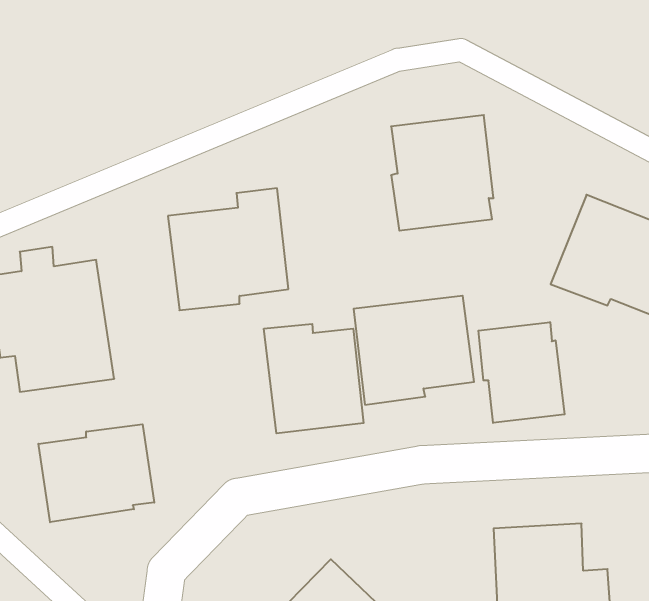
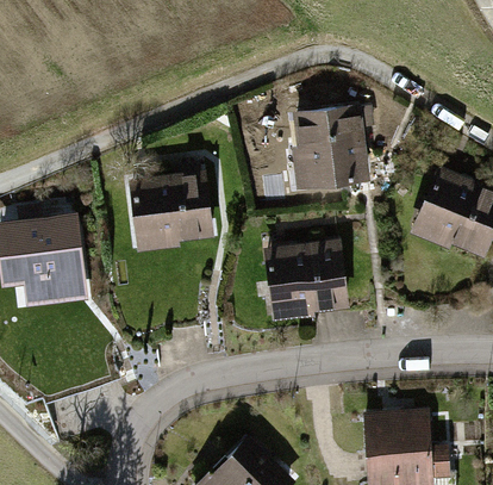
building: [478,322,565,423] -> none
building: [264,324,364,433] -> none
building: [38,424,154,522] -> none

